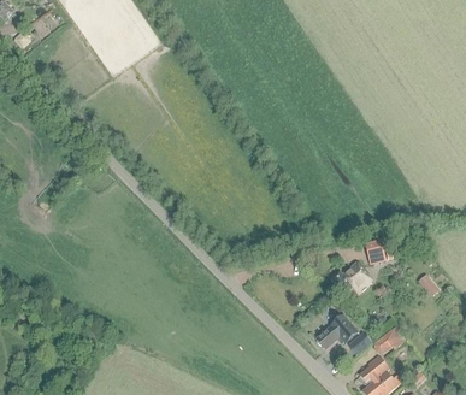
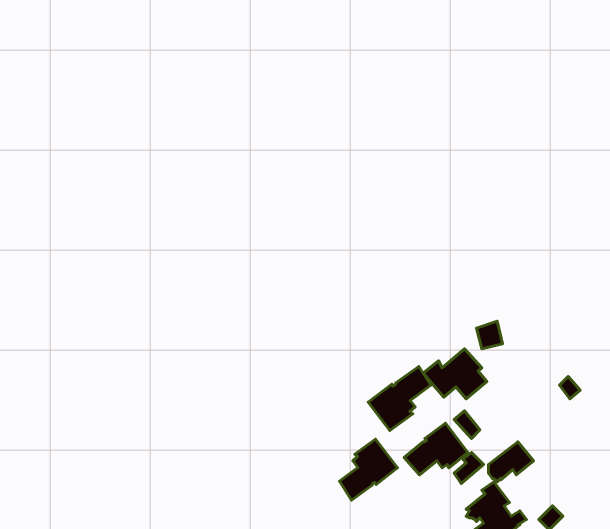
building: none -> [368,366,431,430]
building: none -> [339,439,397,500]

